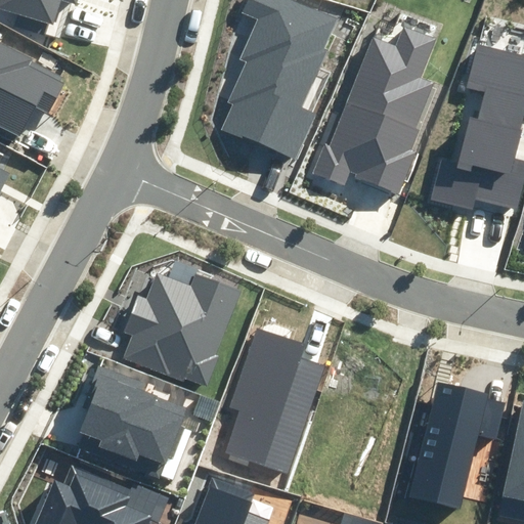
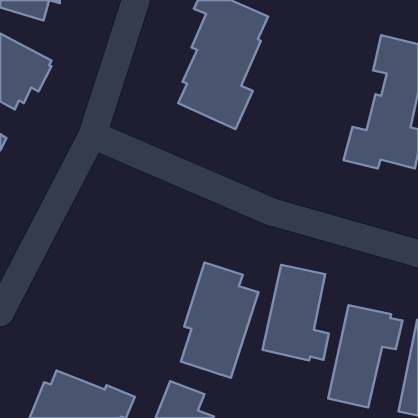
building: [313,27,436,195] -> none
building: [123,273,238,387] -> none
building: none -> [263,265,329,360]
building: [76,364,185,477] -> none

